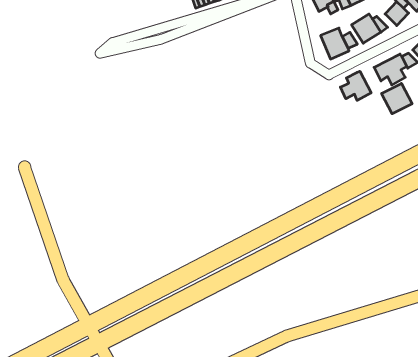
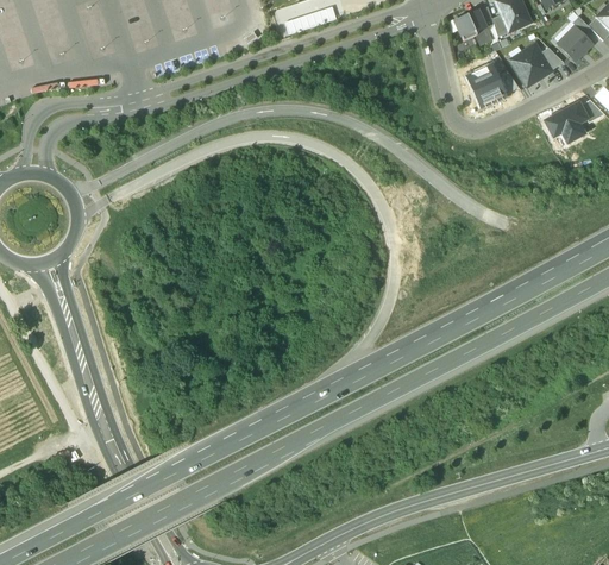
building: [340,71,371,100] -> none
building: [382,83,412,114] -> none

